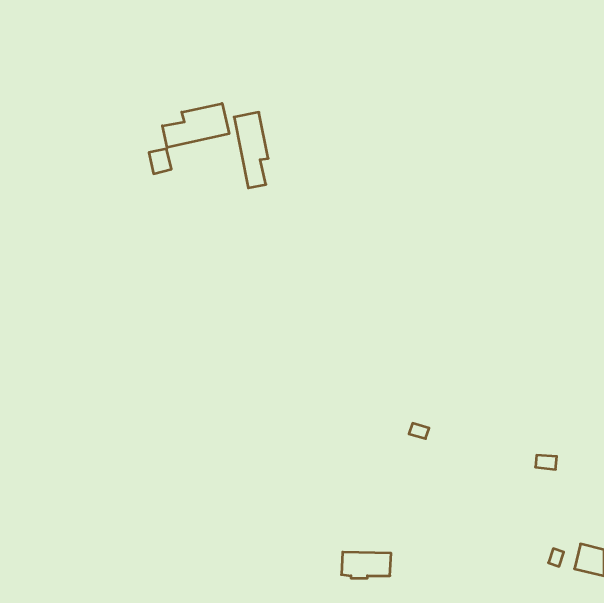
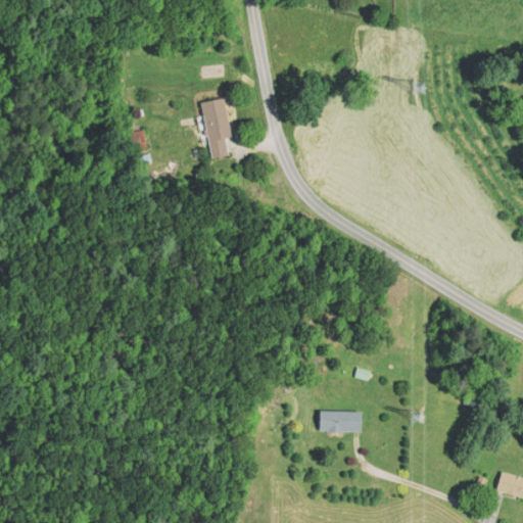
building: [162,103,229,148] -> none
building: [341,552,391,578] -> [319,411,362,433]

